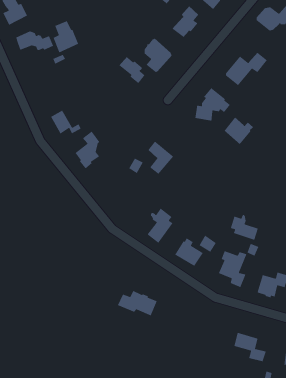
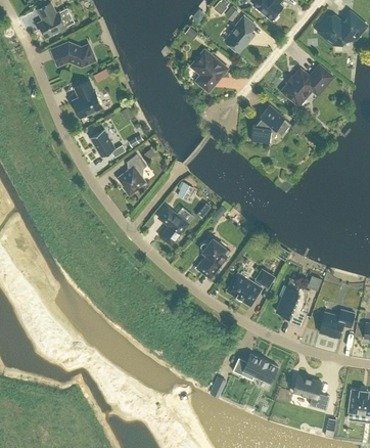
building: [52,20,79,53] -> [73,80,102,117]
building: [118,56,146,84] -> none
building: [224,117,254,145] -> none
building: [147,141,174,175] -> [158,206,188,243]
building: [230,214,259,241] -> none
building: [117,290,158,317] -> [233,353,278,383]

